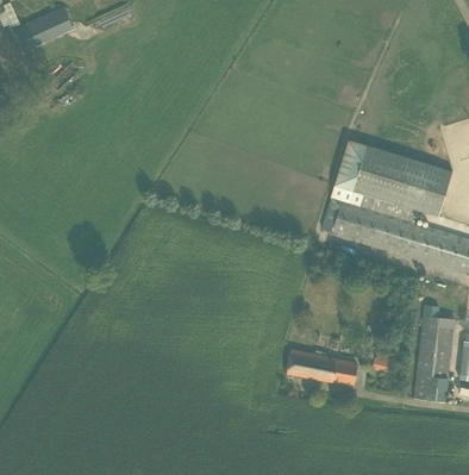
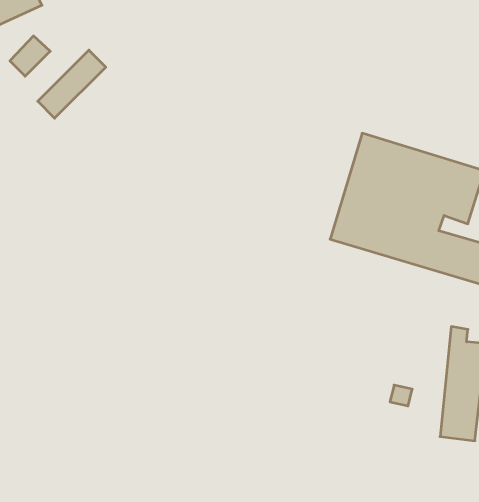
building: none -> [38,50,106,118]
building: [287,351,356,386] -> none

